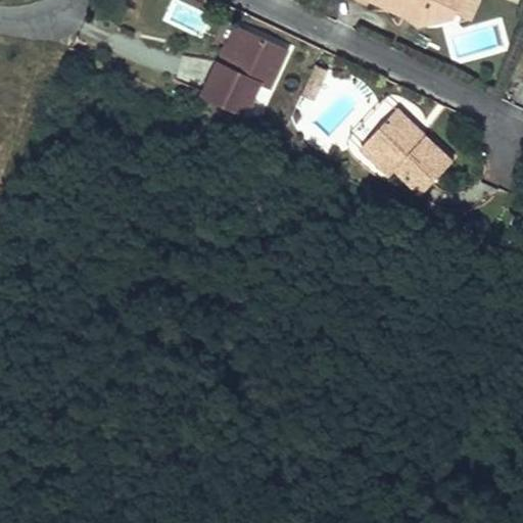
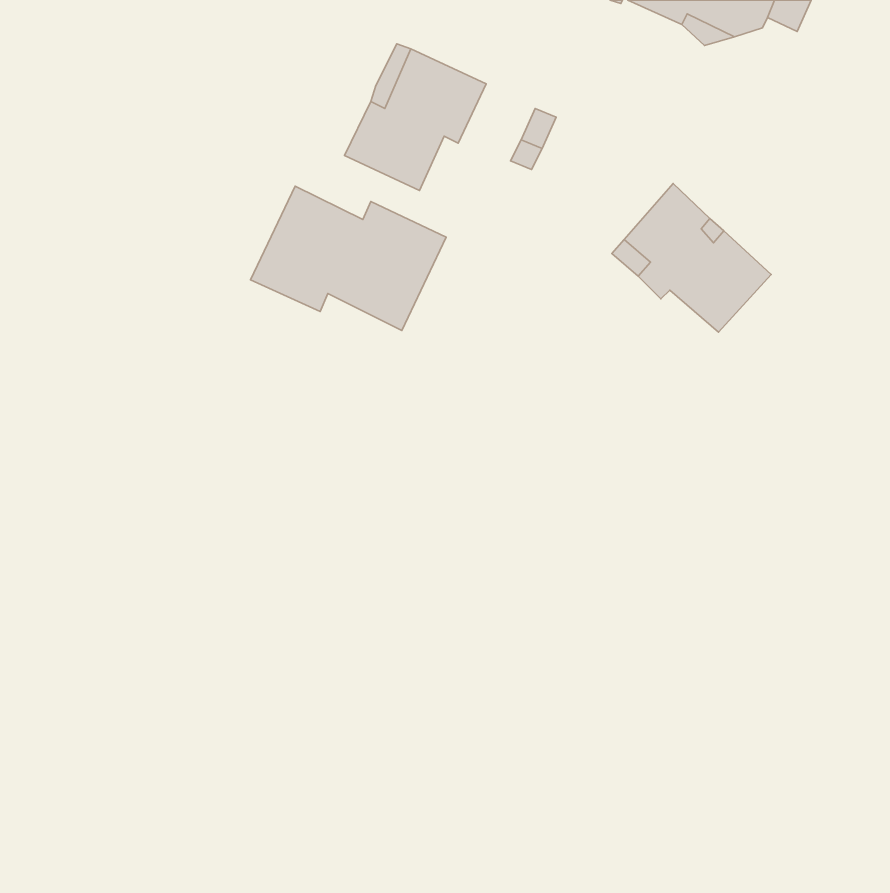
building: none -> [251,186,446,331]

